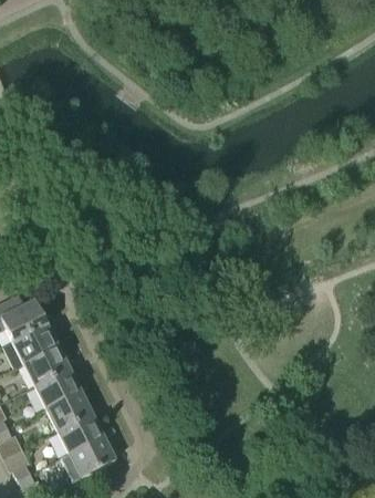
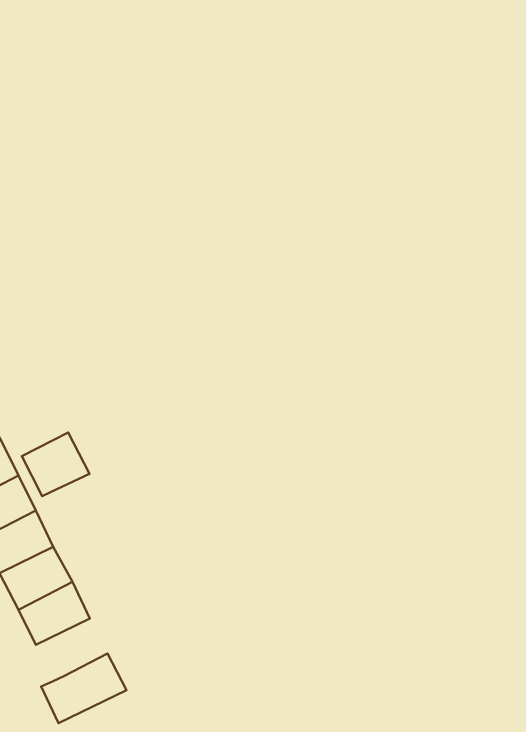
building: none -> [22,432,90,496]
building: [58,416,103,456] -> none

